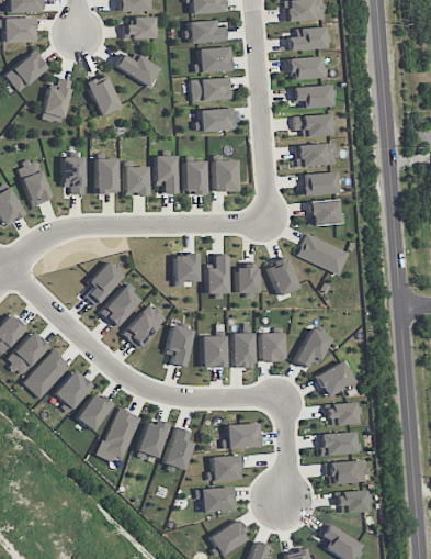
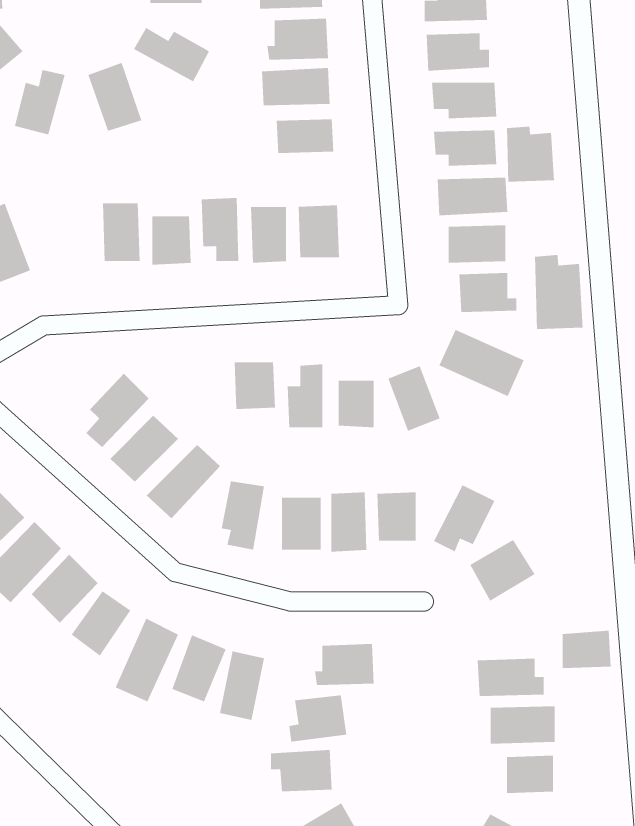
building: none -> [506,126,555,183]
building: [63,156,86,194] -> none
building: none -> [535,254,583,330]
building: [328,402,358,425] -> [562,630,611,669]

